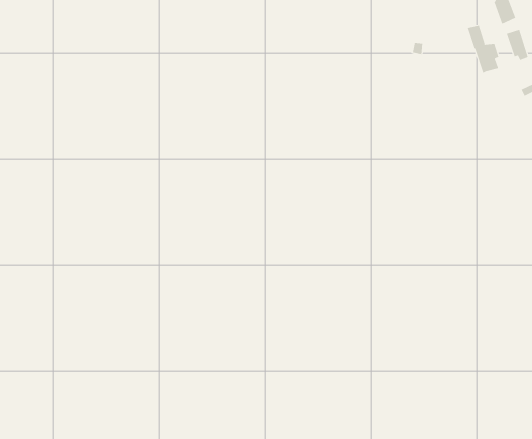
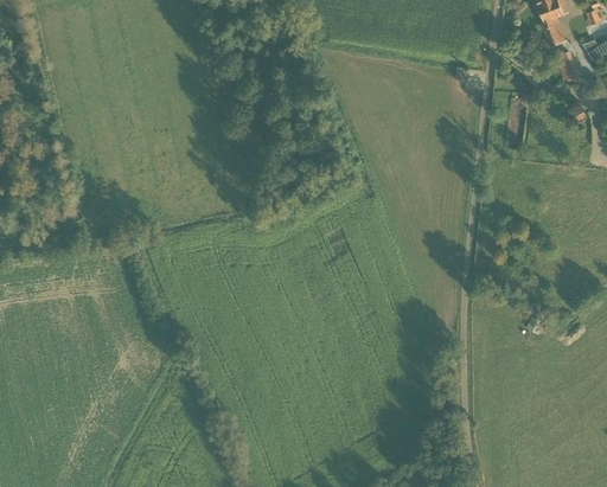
building: [467,25,499,73] -> none

